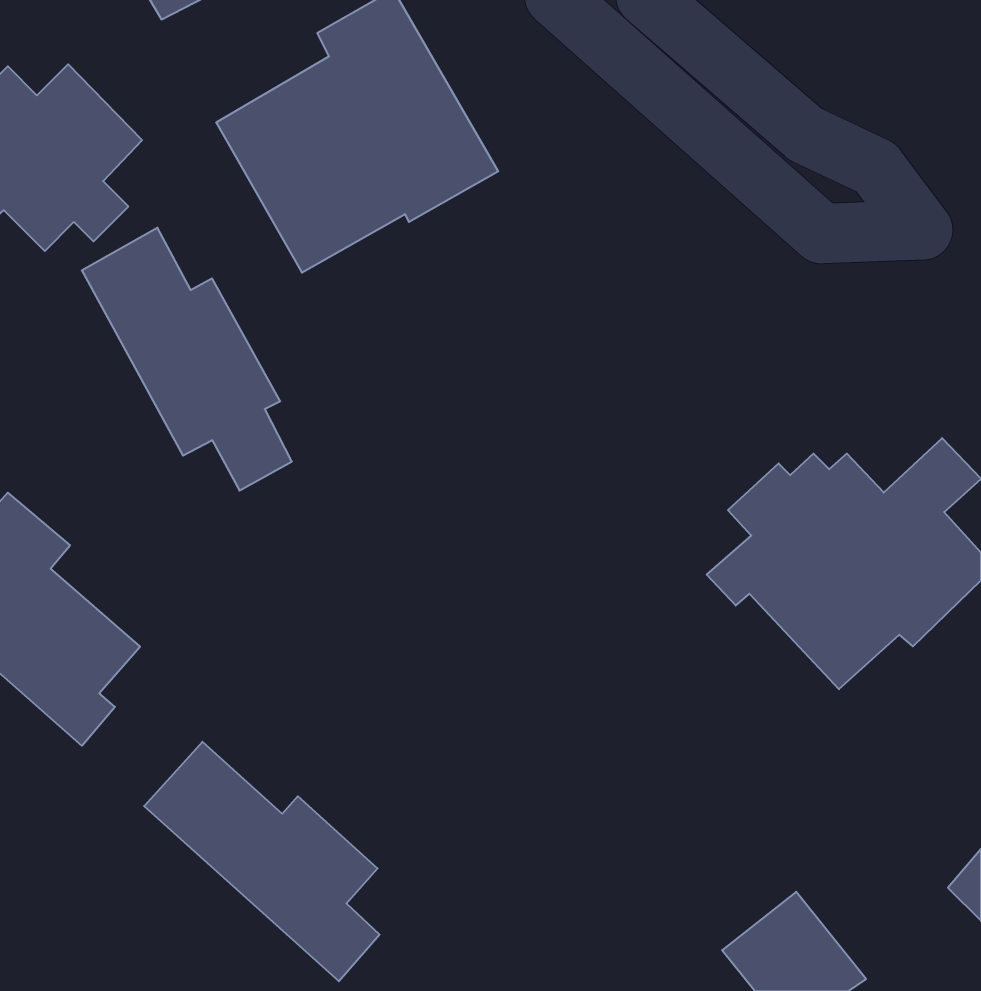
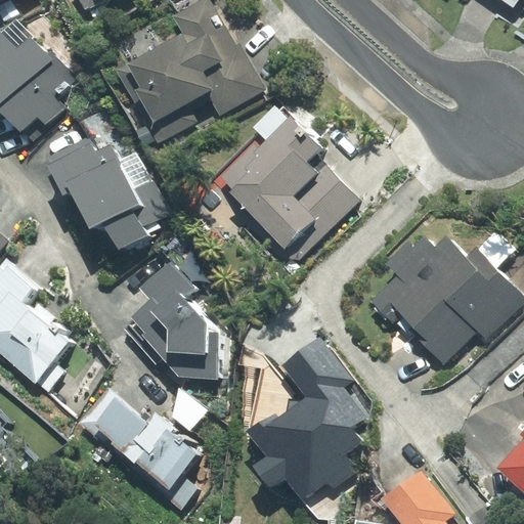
building: none -> [220,106,361,262]
building: none -> [133,264,224,383]
building: none -> [251,333,366,500]

